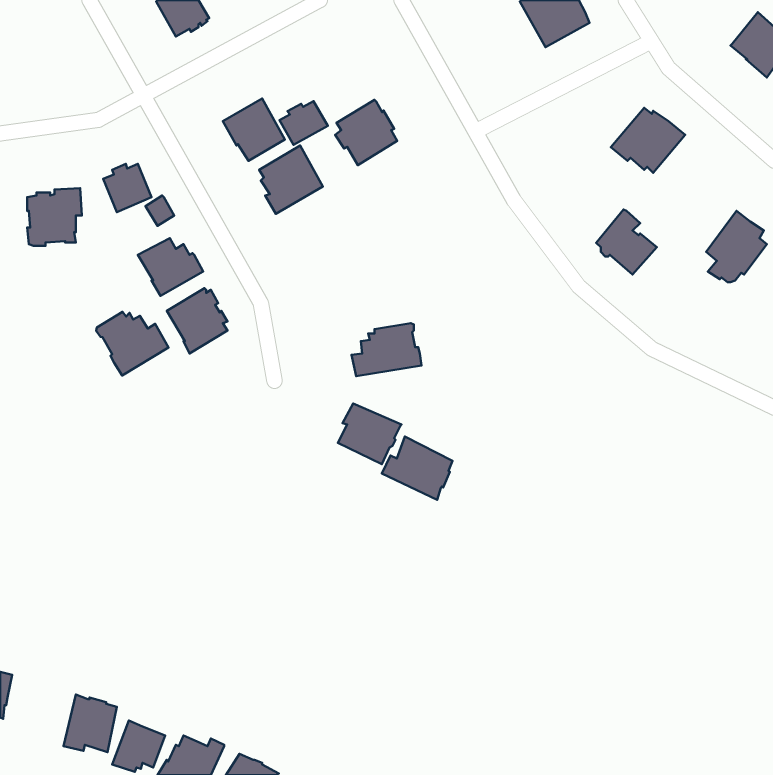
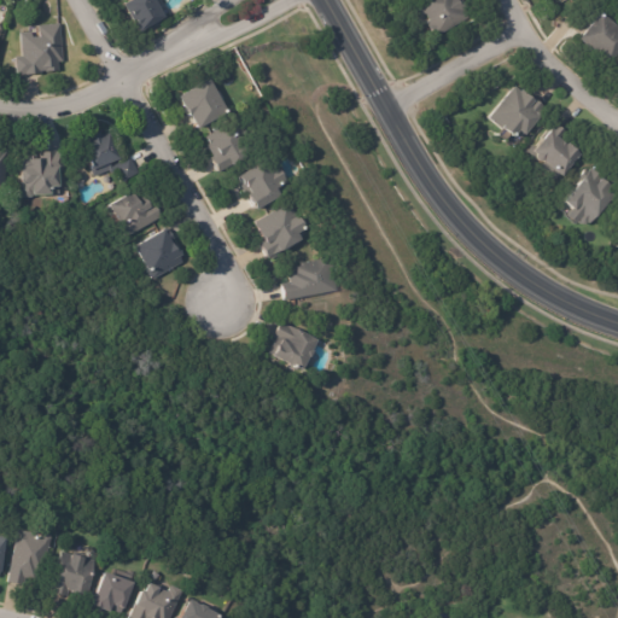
building: none -> [17,23,65,74]
building: [335,100,397,165] -> [239,158,288,210]
building: [279,101,328,145] -> none
building: [596,209,657,275] -> [532,123,581,175]
building: none -> [256,203,308,261]
building: [96,312,169,376] -> none
building: [382,436,452,500] -> none
building: none -> [8,530,54,585]

